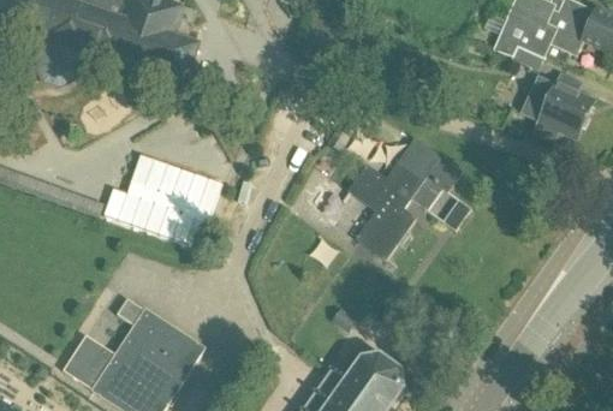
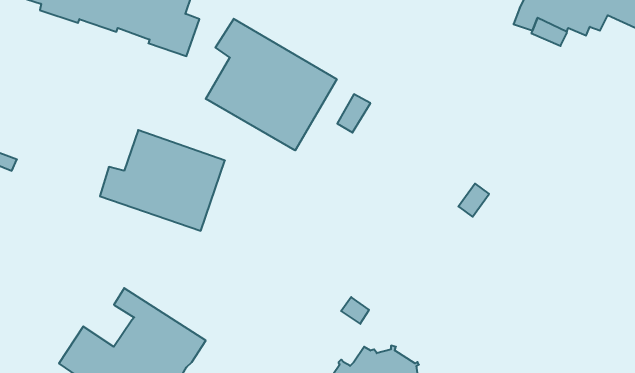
building: none -> [206,19,337,150]
building: [522,76,591,139] -> none
building: [349,139,459,260] -> none

